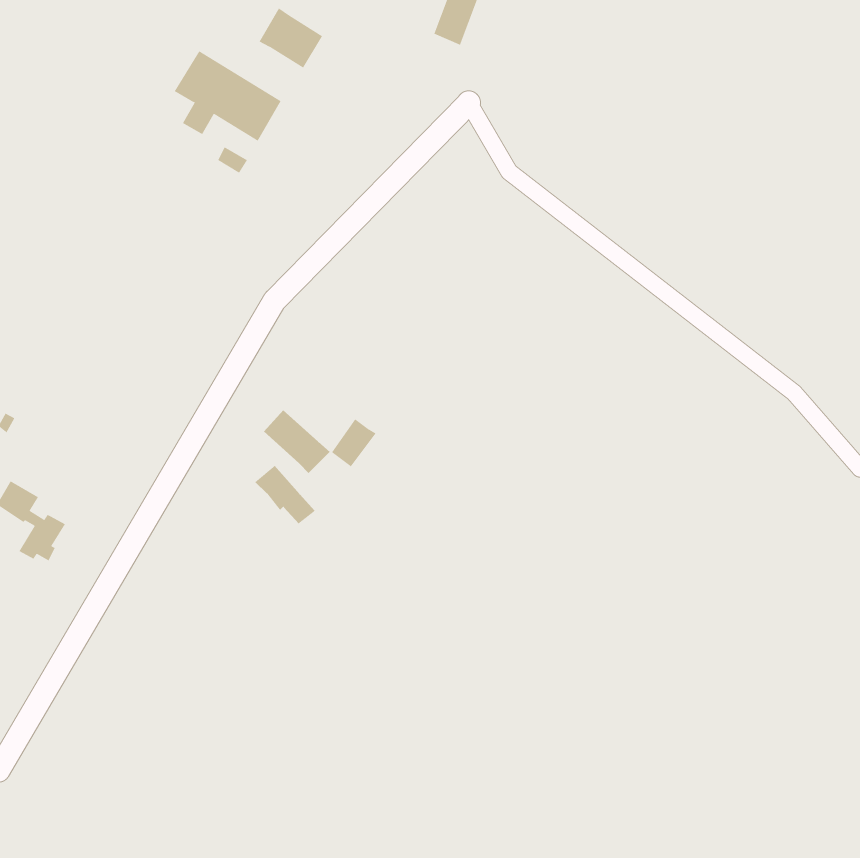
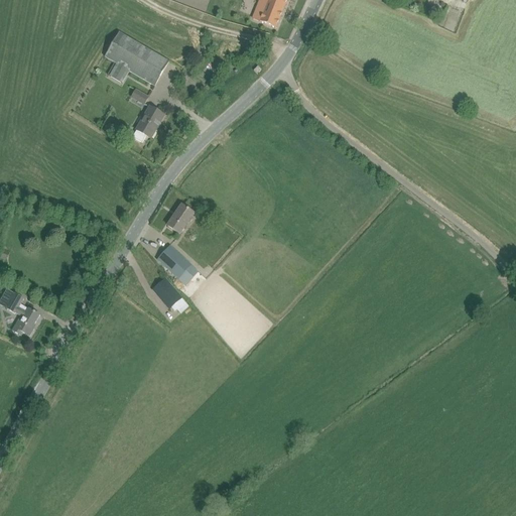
building: [259,7,323,69] -> none
building: none -> [132,106,163,141]
building: [331,418,377,467] -> [167,204,195,233]

